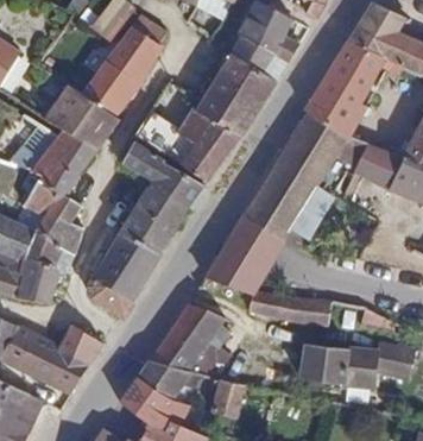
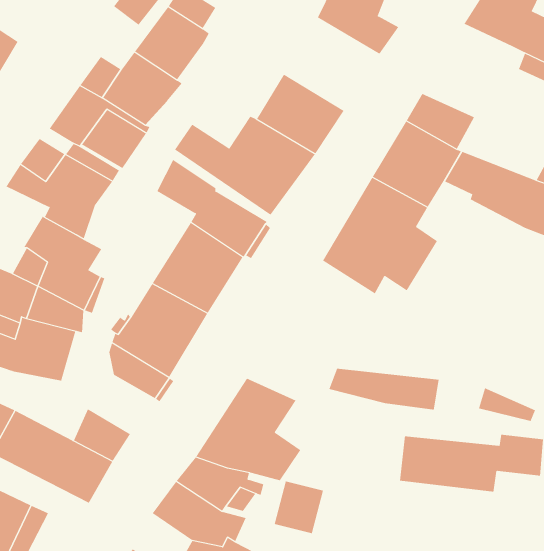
building: [216,36,288,105] -> none
building: [318,40,385,109] -> none
building: [206,215,289,295] -> none

